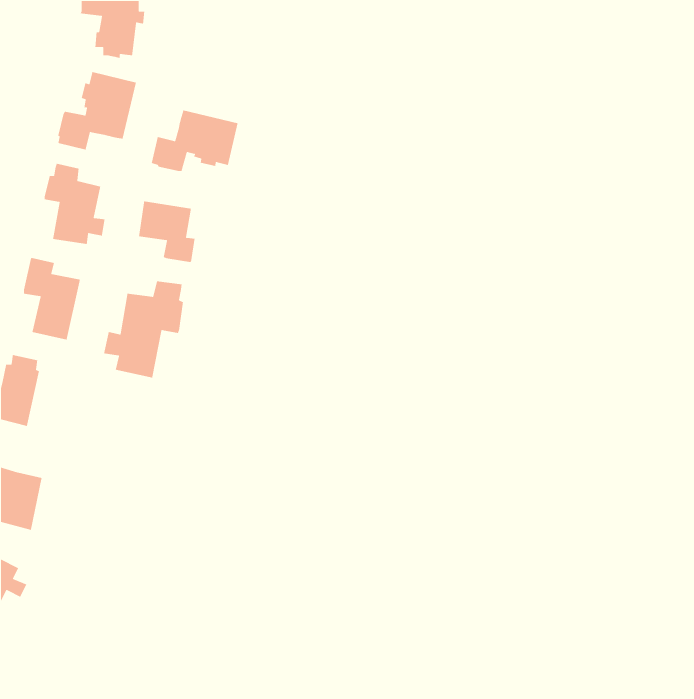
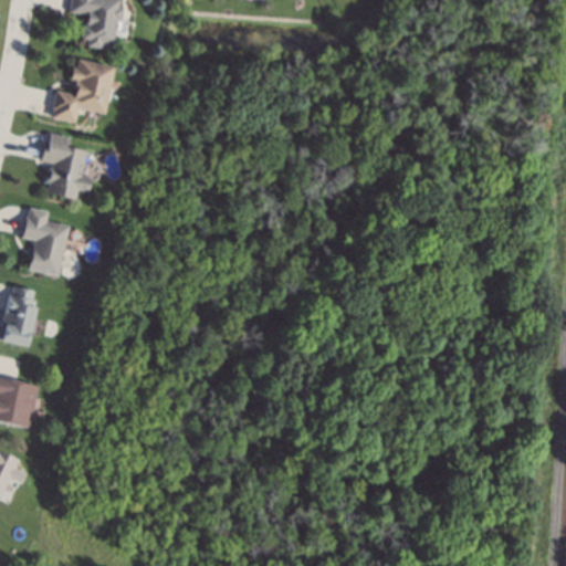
building: [151,109,239,172] -> none
building: [138,201,195,263] -> none
building: [103,281,184,379] -> none

